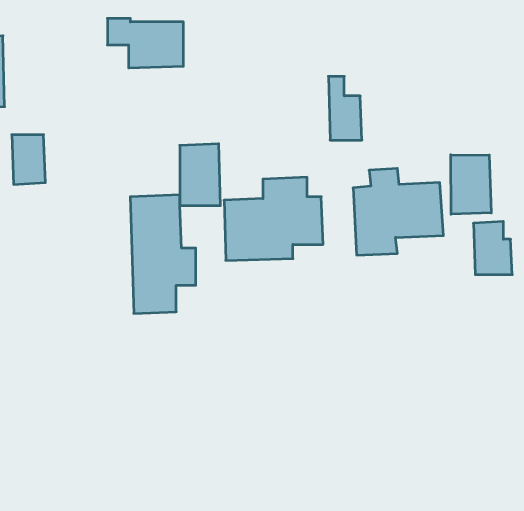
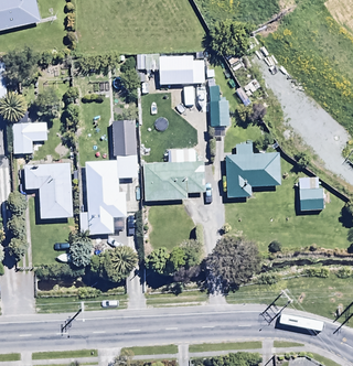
building: [107,18,183,68] -> [146,54,193,85]
building: [451,155,491,214] -> none
building: none -> [23,163,72,219]

